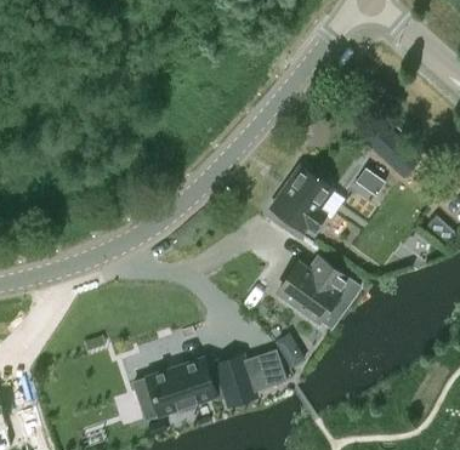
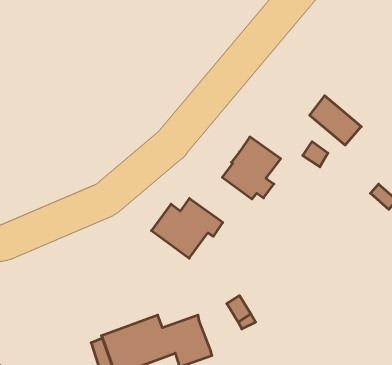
building: [278,258,353,321] -> [151,198,223,258]
building: [246,349,288,392] -> none

